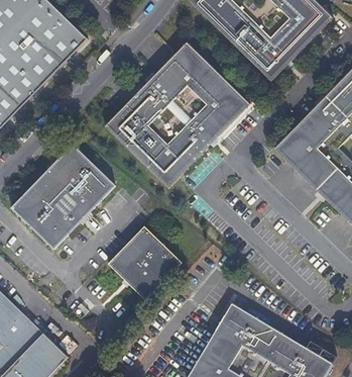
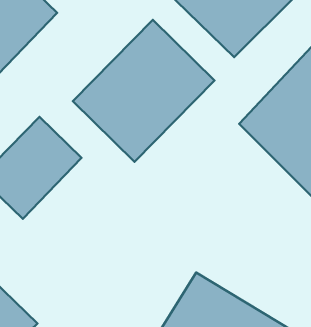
building: [106,226,181,300] -> none

